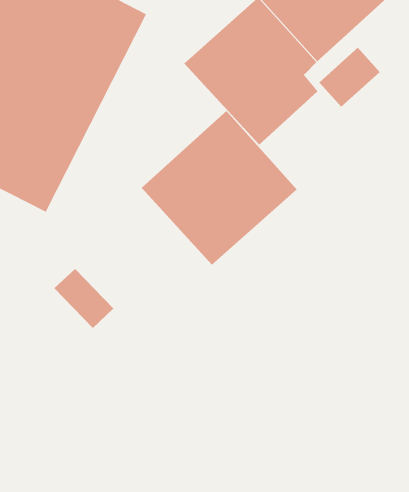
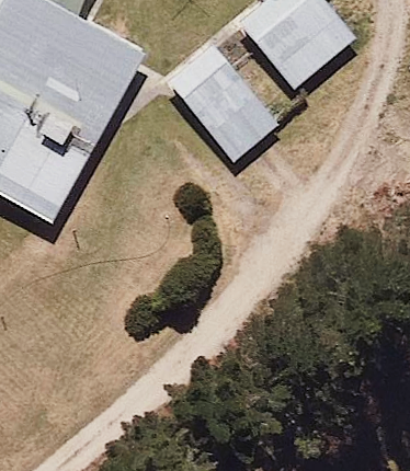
building: [141,110,298,266] -> none

